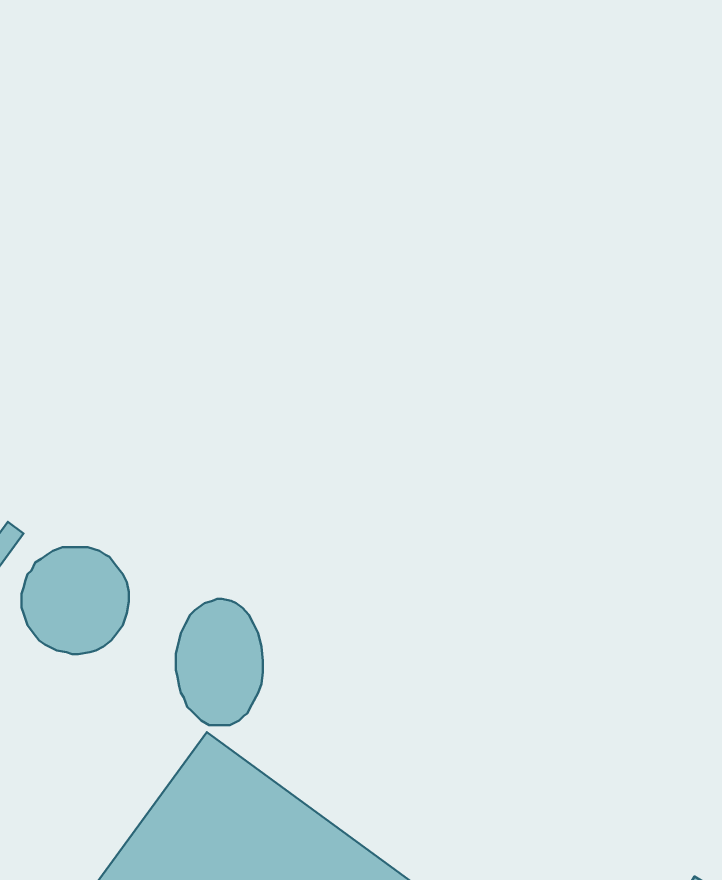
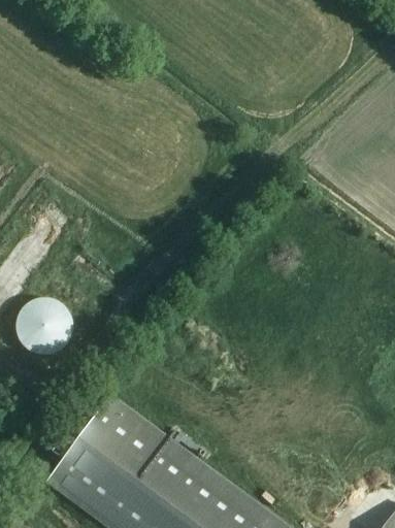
building: [176,599,263,725] -> none

